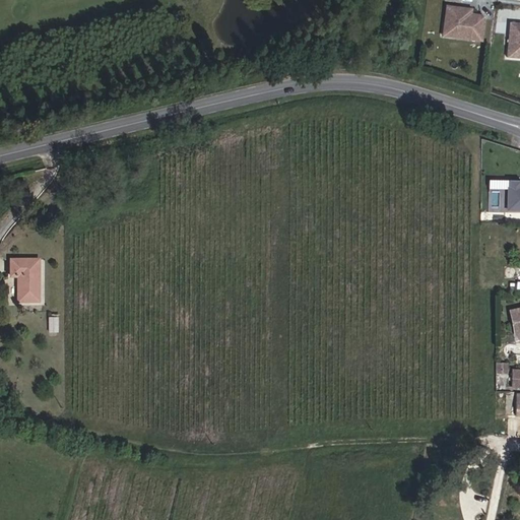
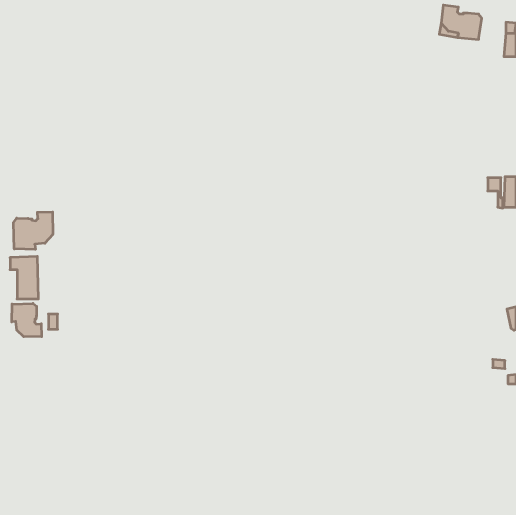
building: none -> [13,212,53,249]
building: none -> [12,303,42,337]

